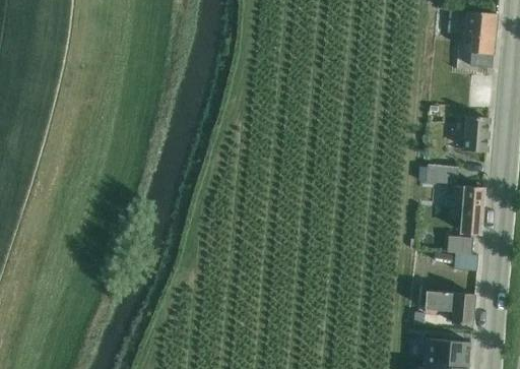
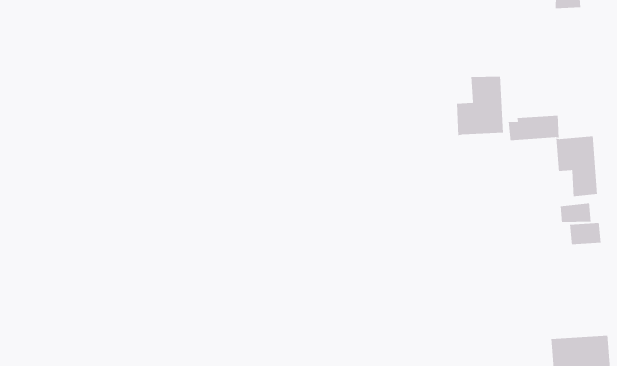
building: [462,118,489,151] -> none
building: none -> [456,76,504,136]
building: [412,291,474,324] -> none

